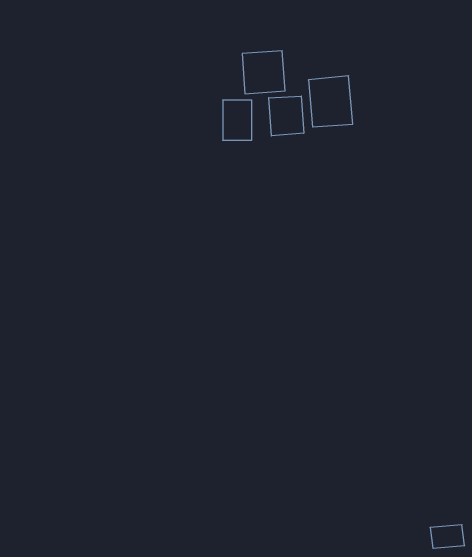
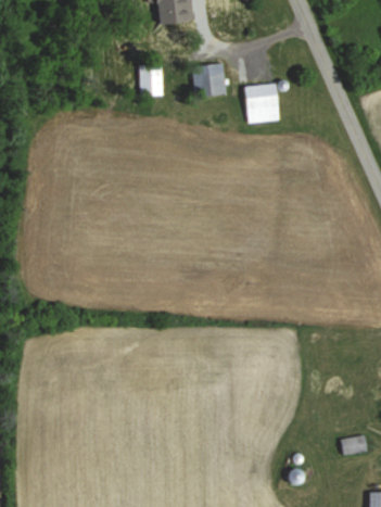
building: [269,96,304,136] -> none
building: [223,100,252,140] -> [140,65,163,97]

